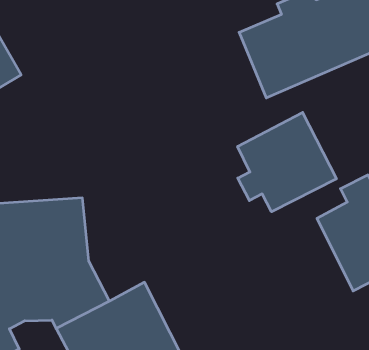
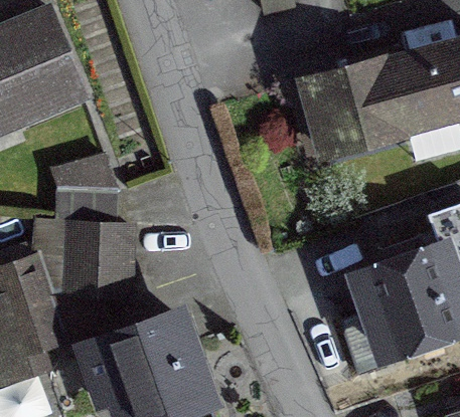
building: [238,112,336,212] -> none
building: none -> [56,156,116,221]

